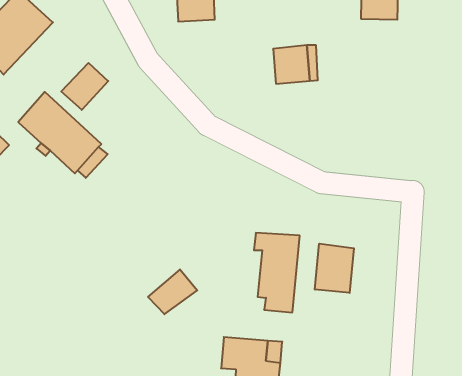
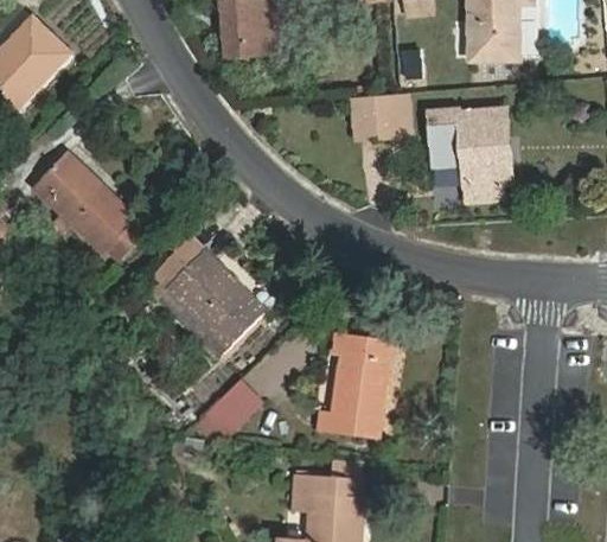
building: none -> [430,106,512,202]
building: [61,63,108,110] -> none
building: none -> [159,250,263,351]
building: [315,244,354,293] -> none

